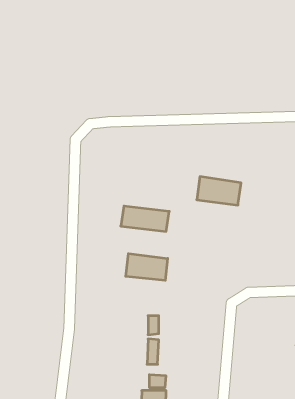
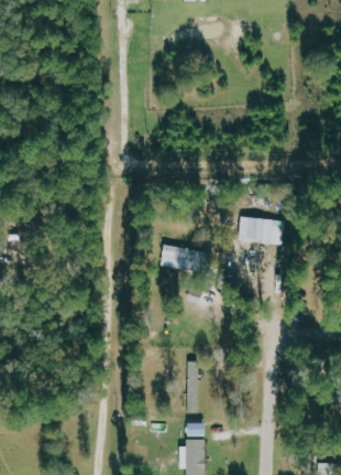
building: [126,254,168,280] -> none

